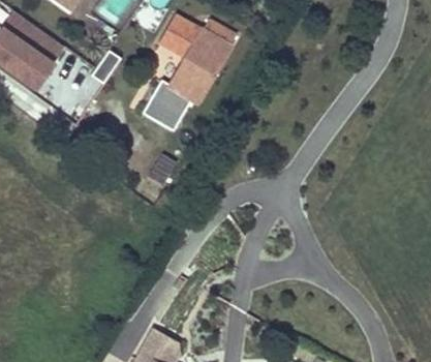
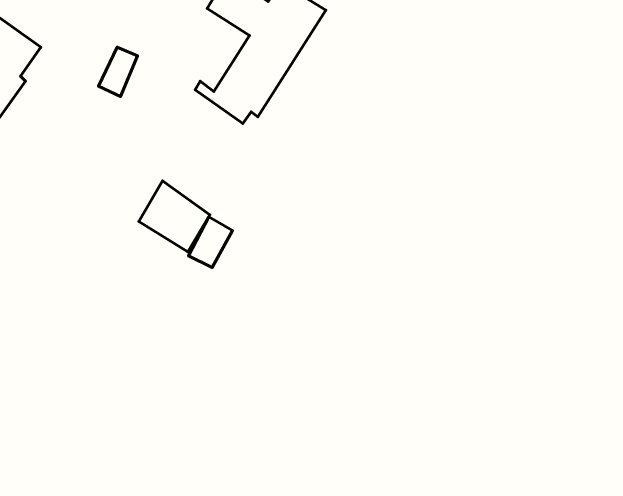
building: [135,79,179,122] -> [139,181,210,252]

